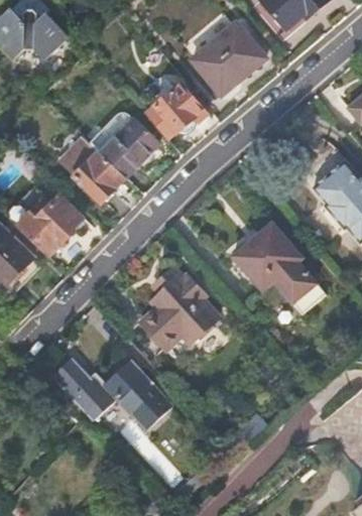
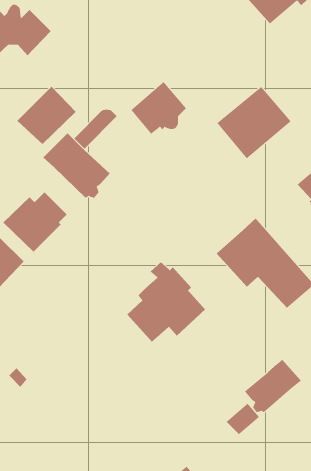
building: [191,22,266,96] -> [216,86,292,159]
building: [99,118,159,177] -> [17,86,77,145]
building: [53,354,172,429] -> none
building: none -> [244,359,302,413]

